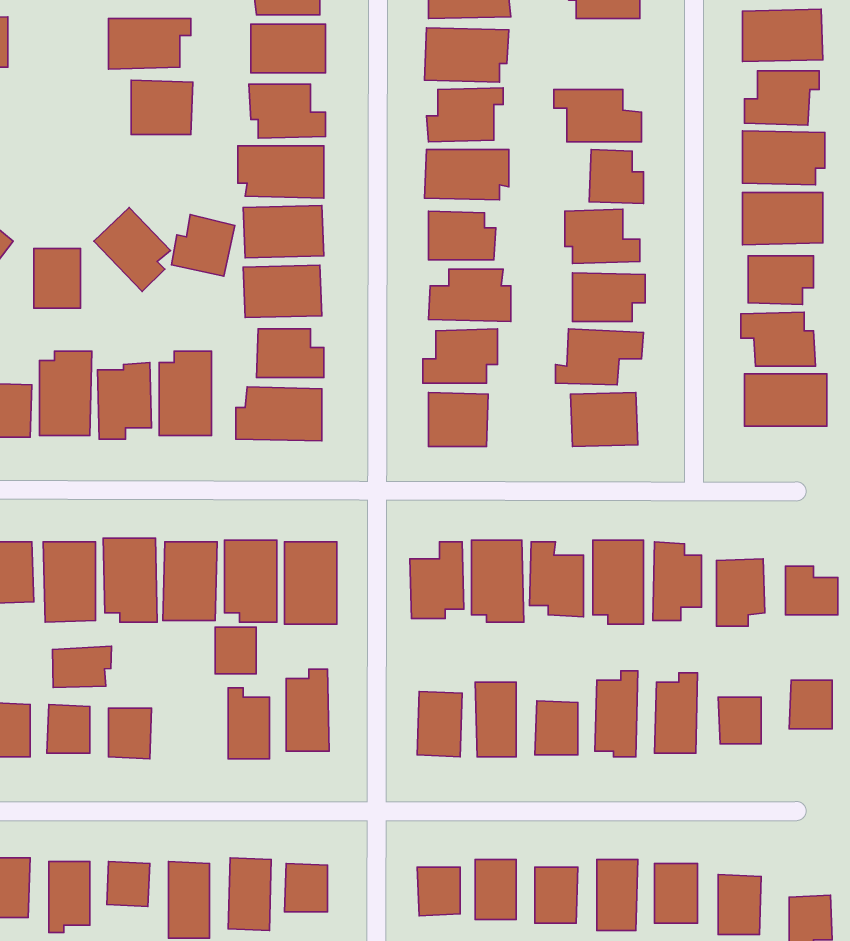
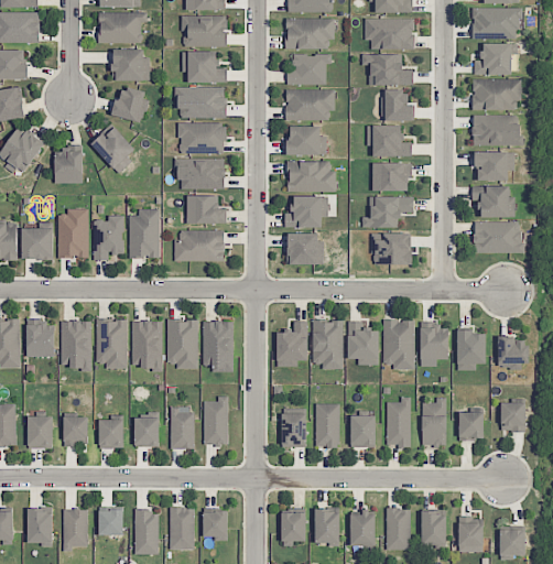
building: none -> [365,18,414,48]
building: [171,214,235,276] -> [111,86,149,122]
building: [215,627,256,674] -> [134,417,159,445]
building: [53,646,111,687] -> none

